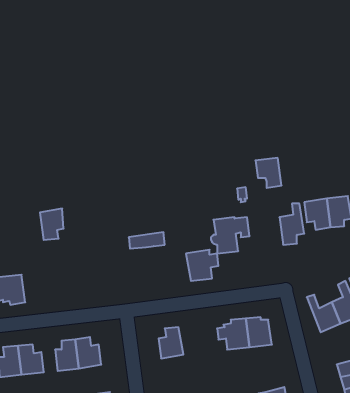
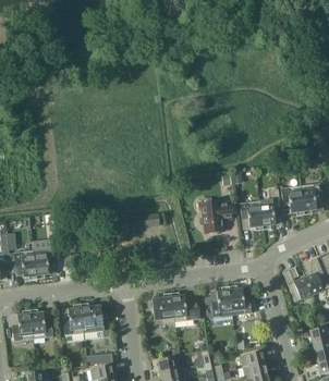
building: [255,158,282,188] -> [239,201,261,228]
building: [40,209,64,240] -> [33,248,53,275]
building: [186,250,218,281] -> [170,294,198,321]

